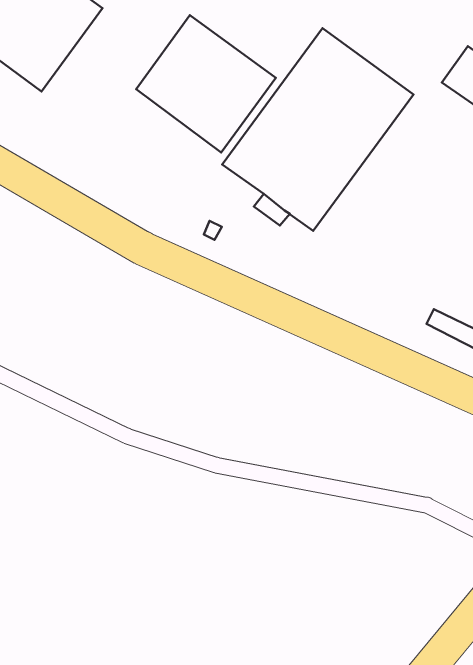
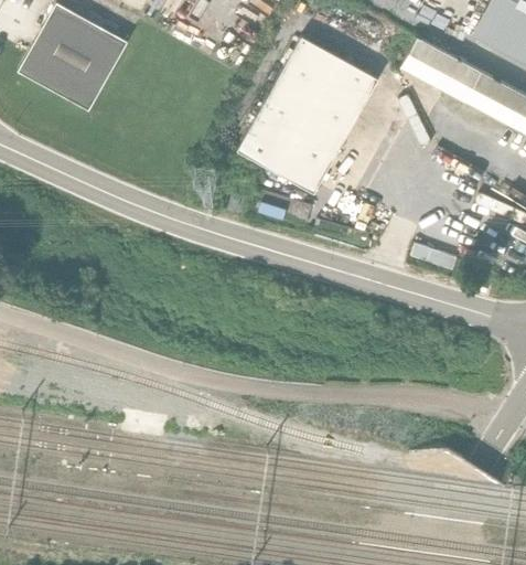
building: [136,15,276,152] -> none

